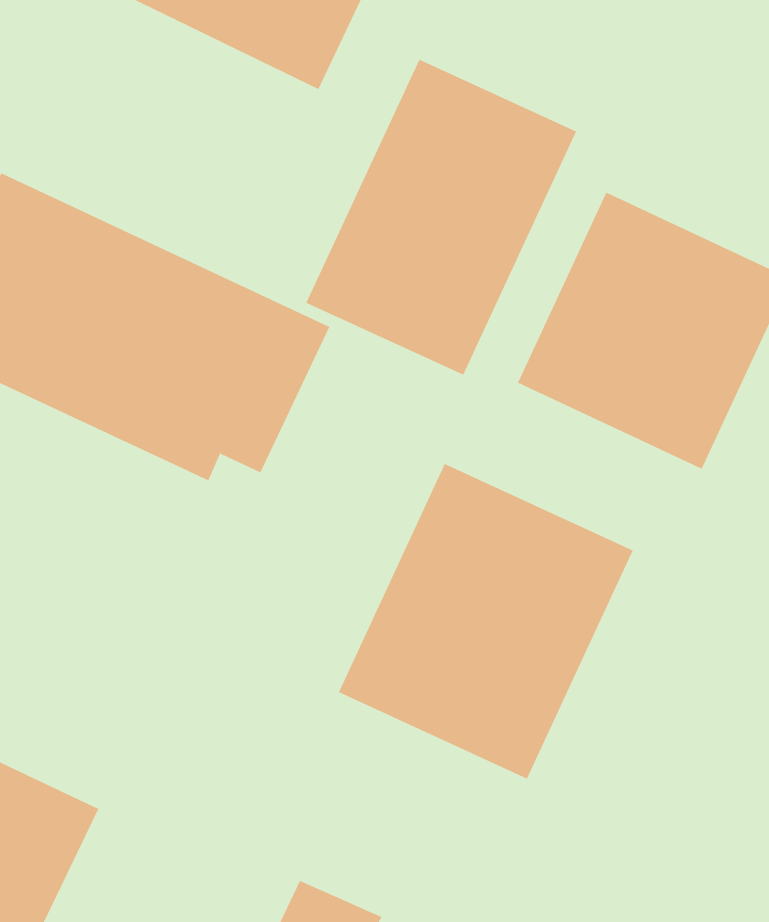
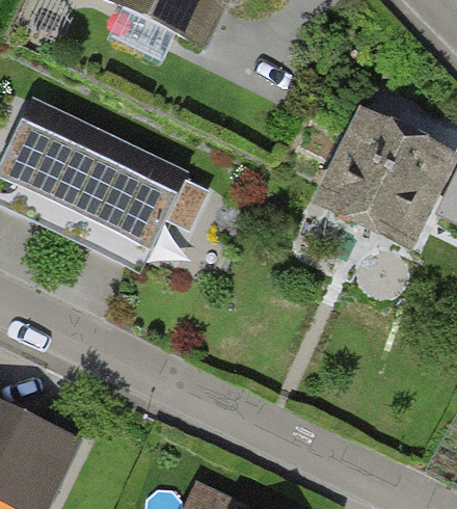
building: [306,59,577,376] -> none
building: [338,463,634,779] -> none

